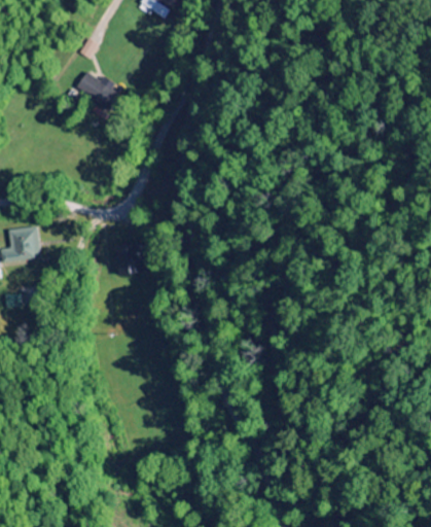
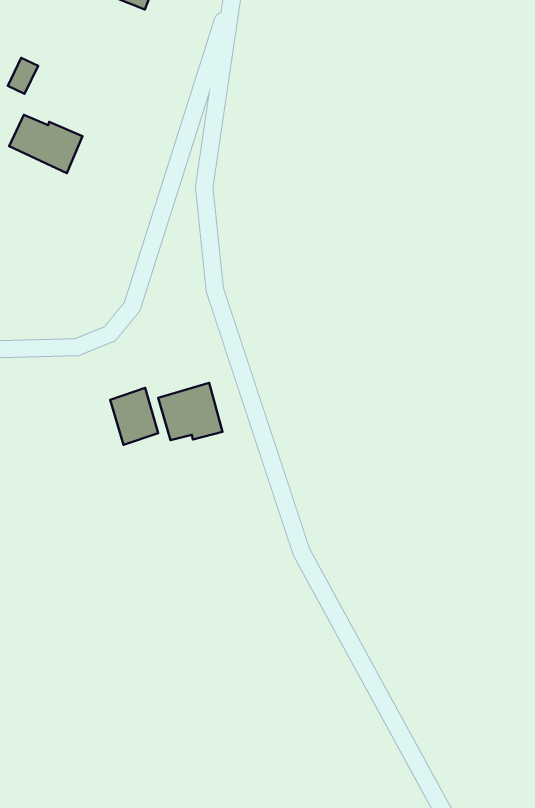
building: none -> [158,383,222,440]

